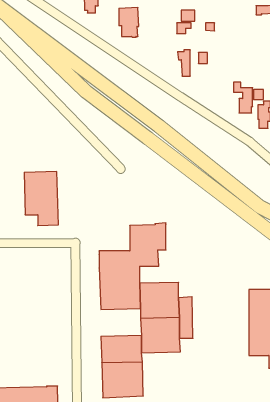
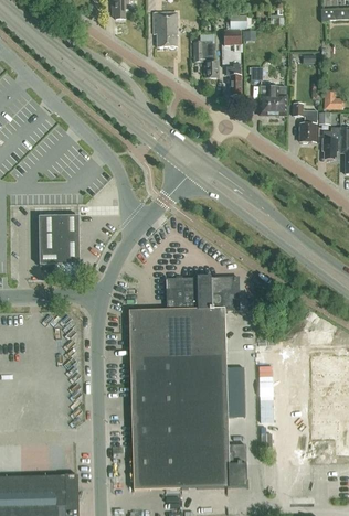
building: none -> [194,41,218,77]
building: none -> [260,86,286,115]
building: none -> [179,276,239,348]
building: none -> [131,379,181,413]
building: none -> [181,432,247,486]

